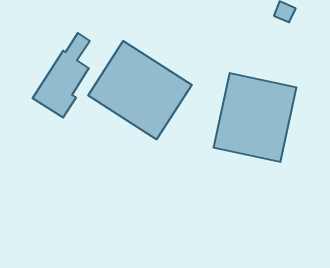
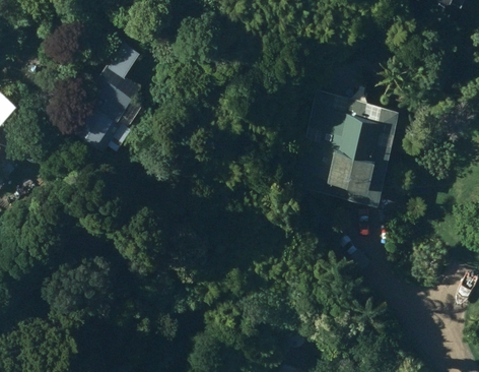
building: [88,41,192,139] -> none

